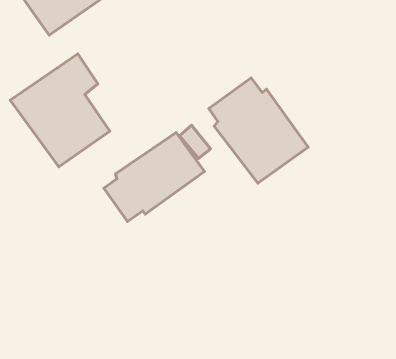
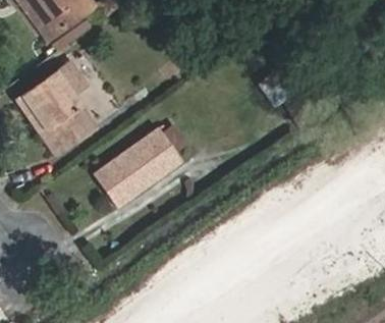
building: [209,78,308,183] -> none

